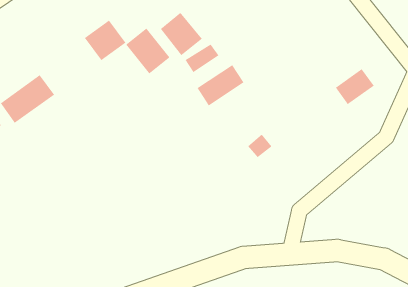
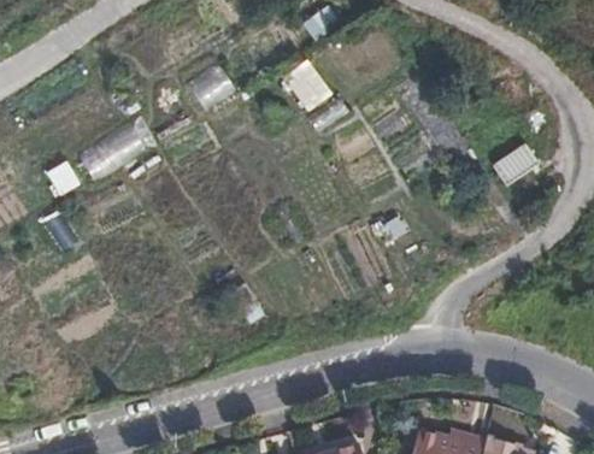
building: [125,28,171,74] -> none
building: [197,64,245,106] -> none

